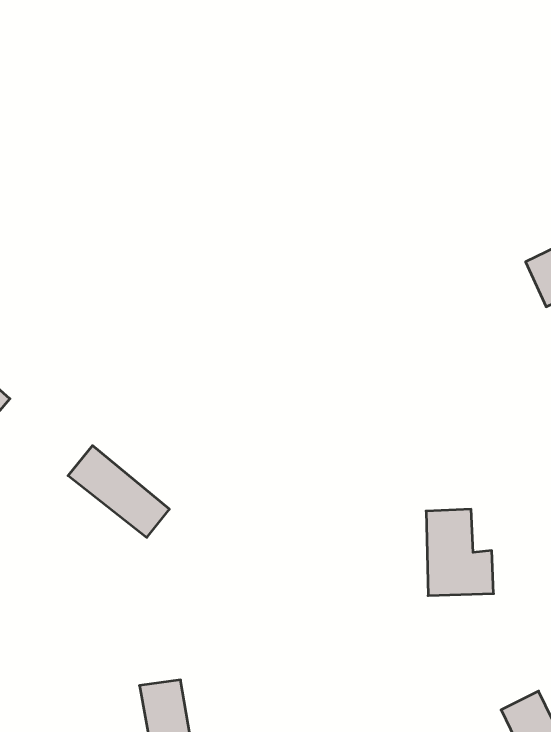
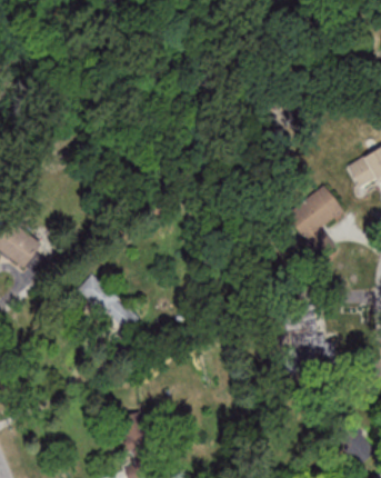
building: none -> [287,186,344,240]

